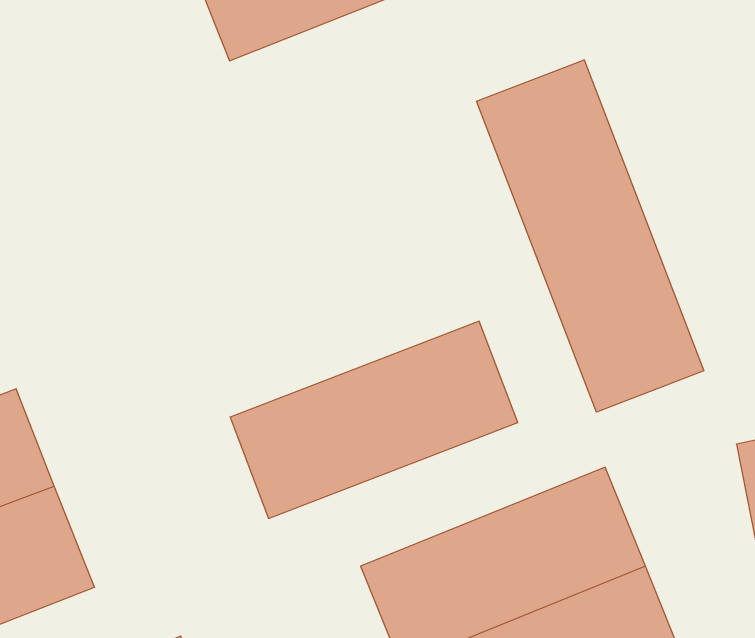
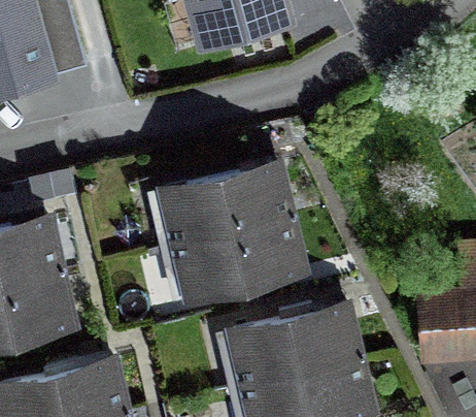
building: [477,60,704,412] -> none
building: none -> [151,161,301,246]

